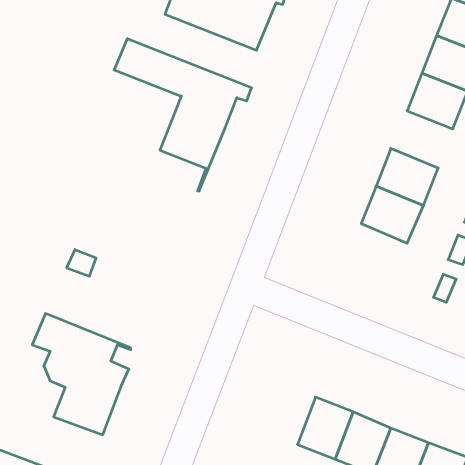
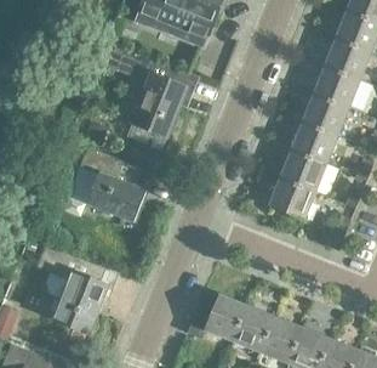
building: none -> [302,92,348,135]
building: none -> [80,145,145,222]
building: none -> [268,176,314,219]
building: none -> [187,294,246,340]

